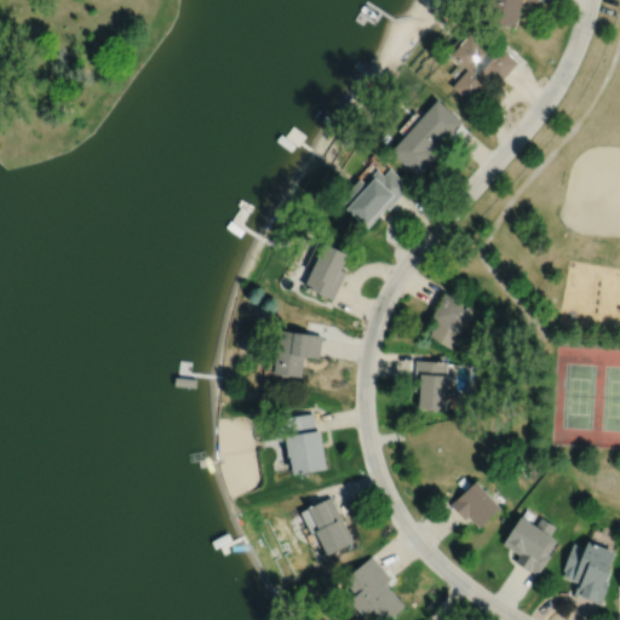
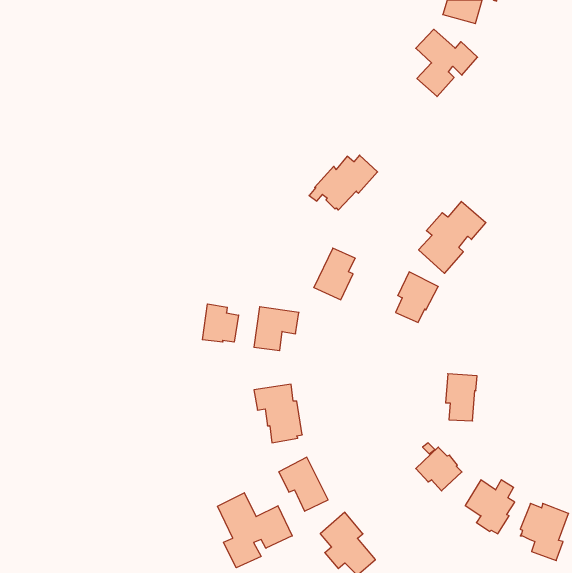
building: [390,99,463,177] -> [419,201,486,273]
building: [306,246,351,302] -> [314,248,355,300]
building: none -> [202,304,239,342]
building: [414,361,448,412] -> [446,374,477,421]
building: none -> [218,493,292,568]

